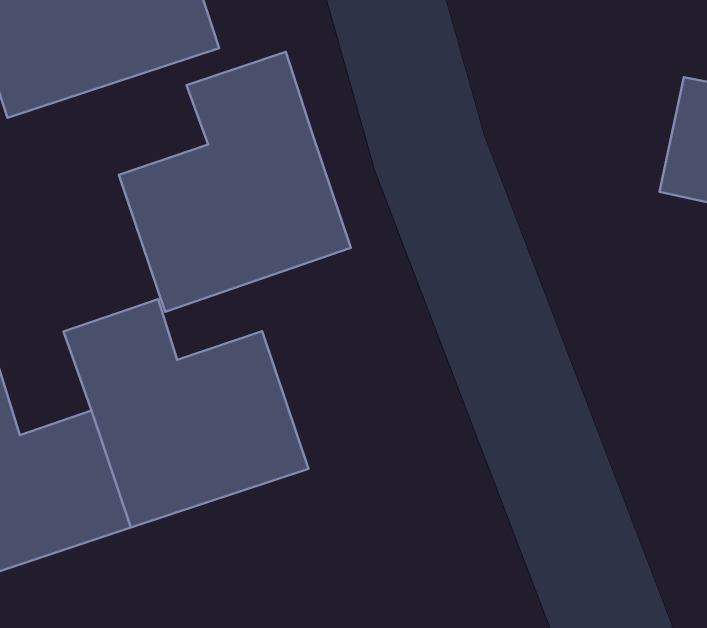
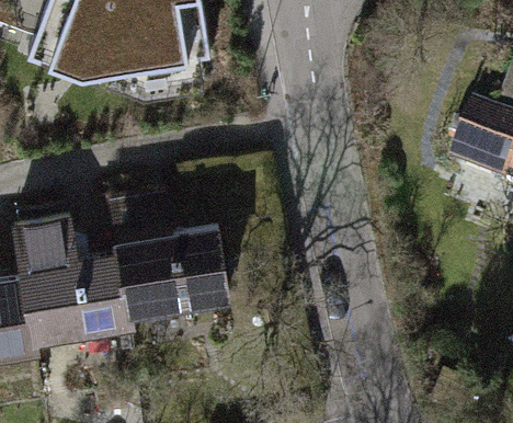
building: [119,52,351,312] -> none

